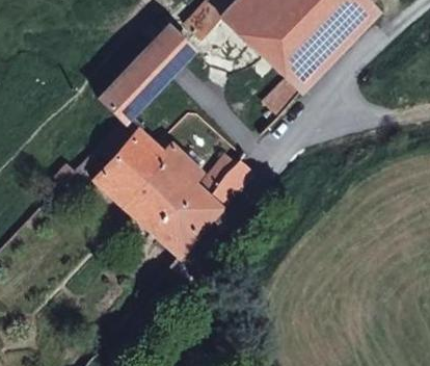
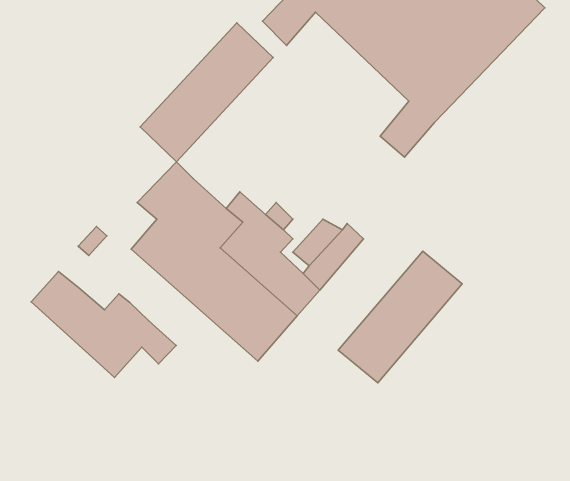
building: none -> [338,251,462,383]
building: none -> [31,272,176,377]

